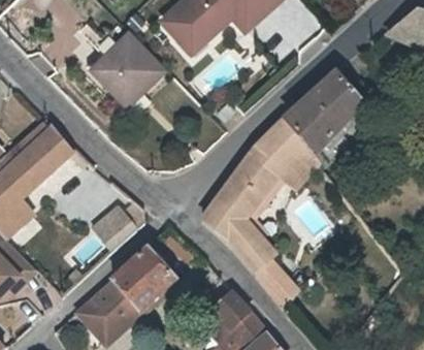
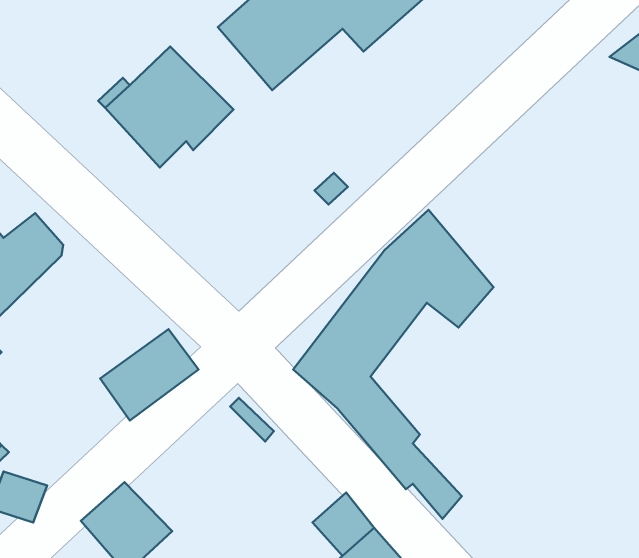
building: [282,74,369,164] -> none
building: [103,246,175,315] -> none

